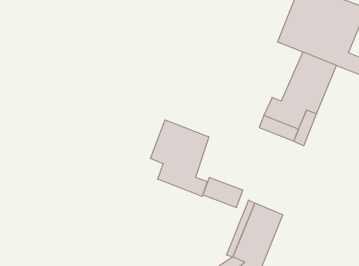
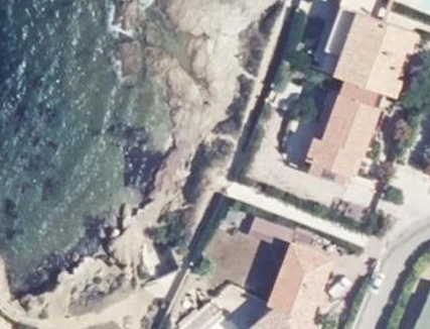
building: [151,120,209,197] -> none

